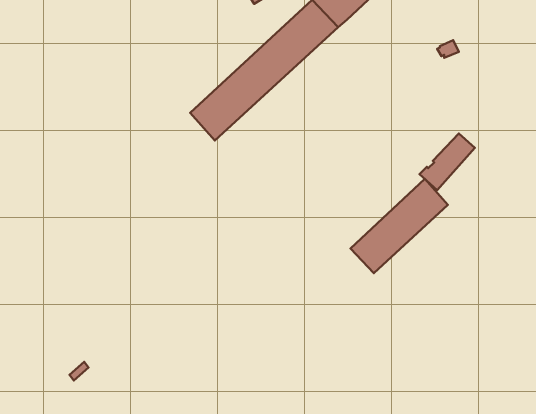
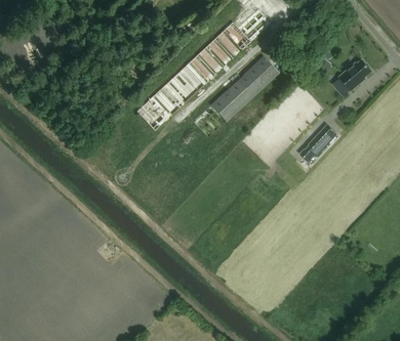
building: none -> [338,58,373,91]
building: [351,179,448,273] -> [209,55,278,122]

